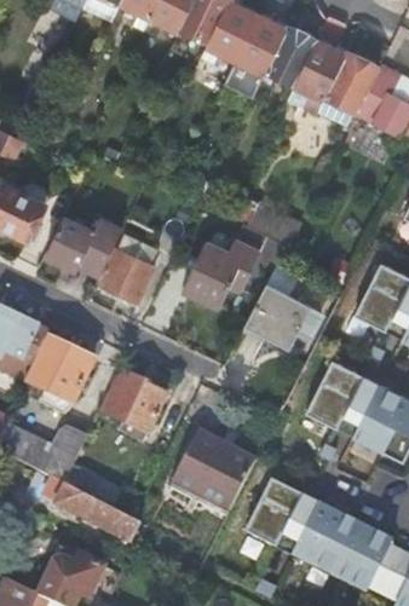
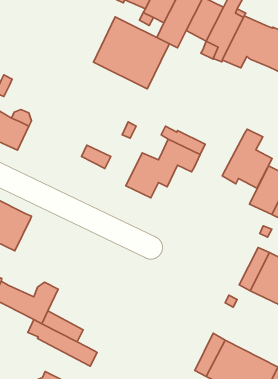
building: none -> [93,17,170,89]
building: [45,218,121,276] -> none
building: [102,248,155,301] -> none
building: [241,264,311,346] -> [222,129,272,188]
building: [25,335,94,412] -> none
building: [307,359,365,427] -> none
building: [103,371,168,441] -> none
building: [173,432,255,509] -> none
building: [246,478,303,547] -> none

